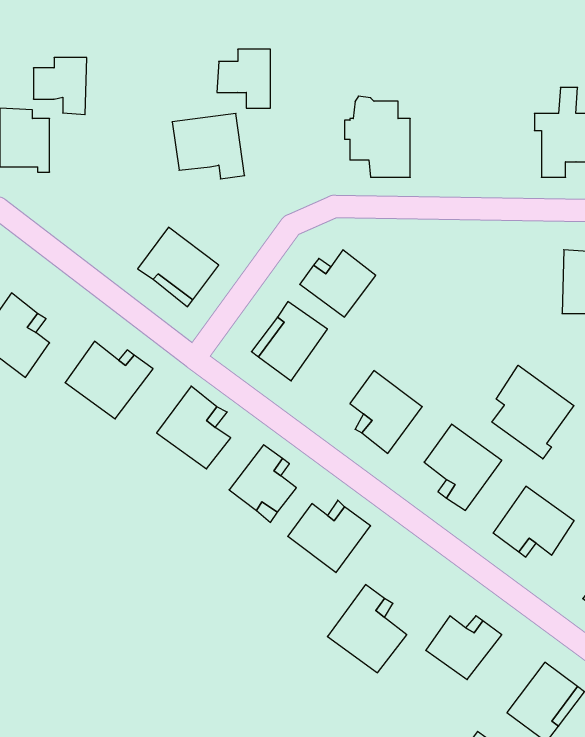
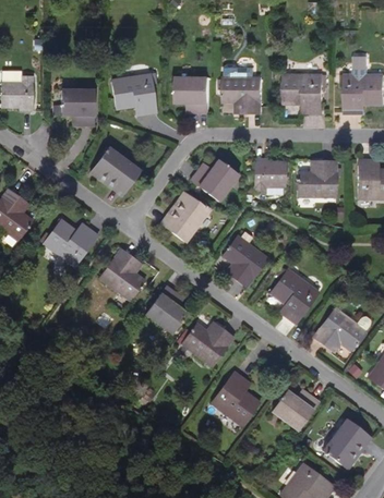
building: [217,49,270,108] -> [176,76,209,113]
building: [33,58,87,115] -> [61,89,95,125]
building: none -> [283,73,325,113]
building: none -> [254,159,286,193]
building: none -> [297,160,336,197]
building: [492,365,574,459] -> none

